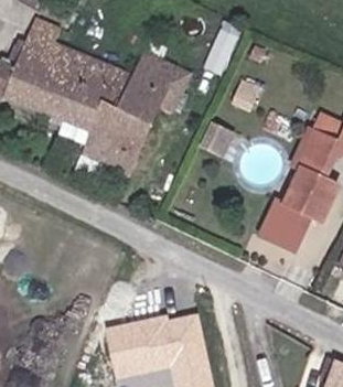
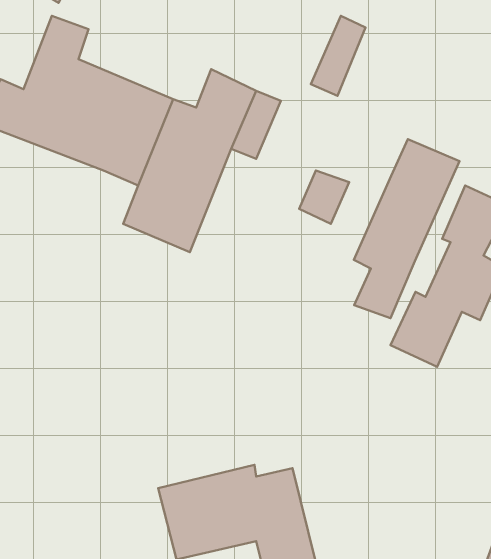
building: none -> [354,139,460,318]

